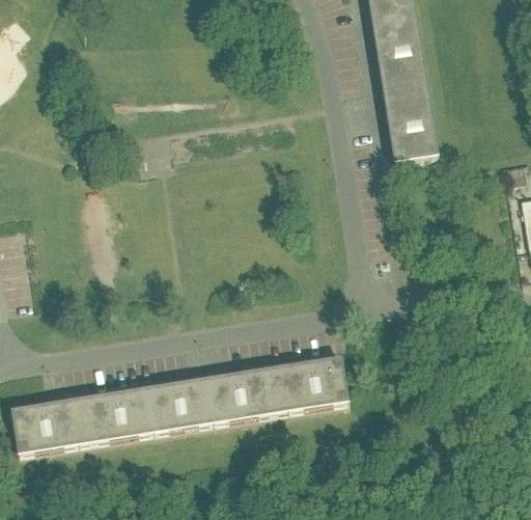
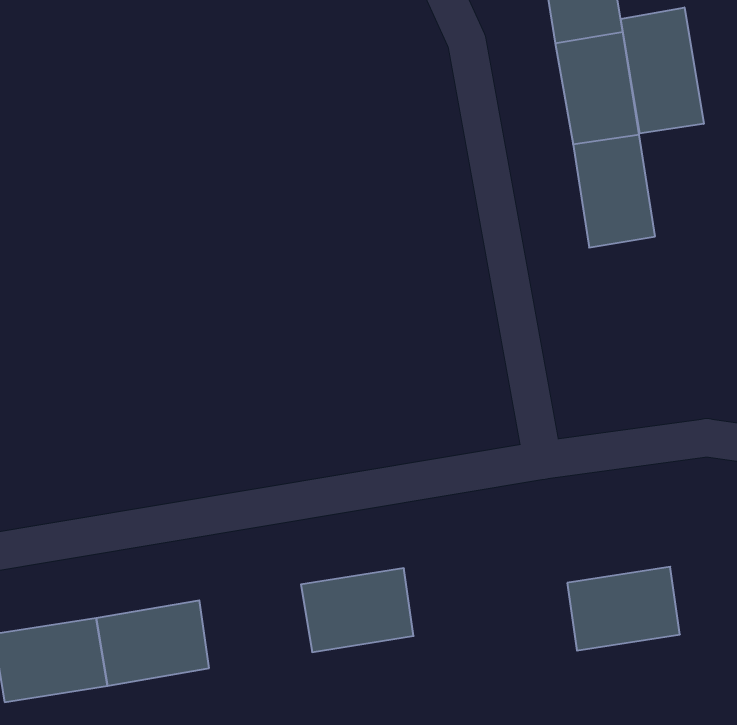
building: none -> [621,7,704,134]
building: [276,356,348,410] -> [567,567,680,651]
building: [144,377,217,431] -> none

